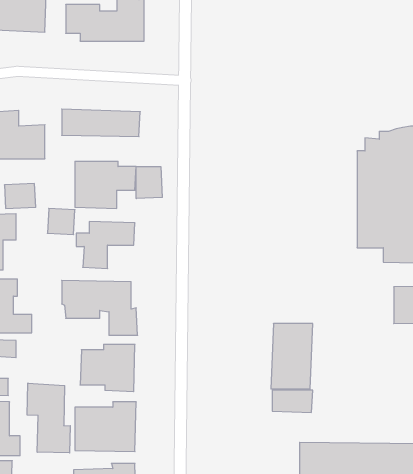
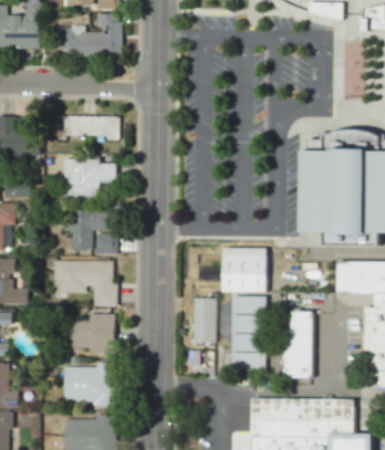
building: [136,167,162,199] -> none
building: [47,208,75,235] -> [95,231,118,253]
building: none -> [223,247,269,291]
building: none -> [194,297,216,341]
building: none -> [283,311,313,378]
building: [27,383,70,453] -> none

